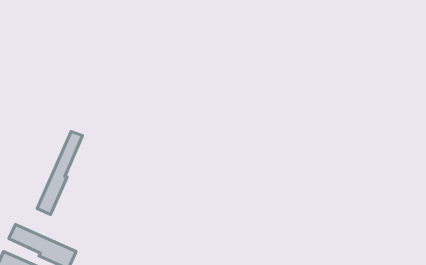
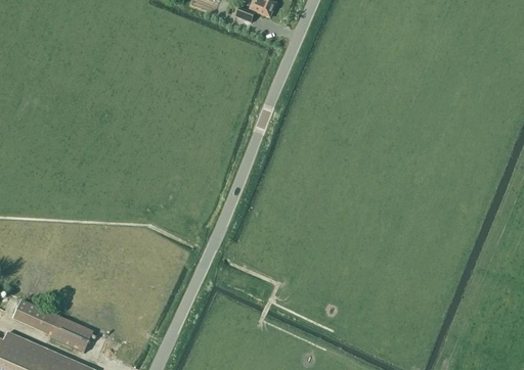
building: [37,131,83,214] -> none

